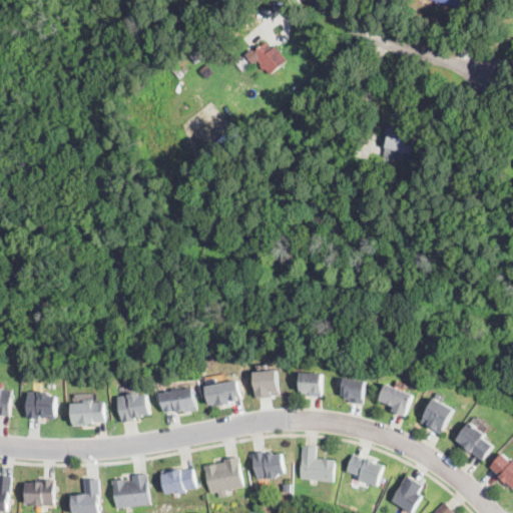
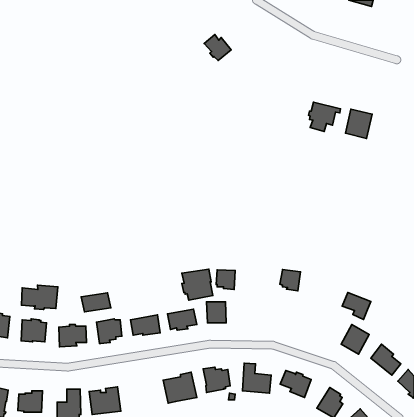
building: none -> [346,109,372,138]
building: none -> [182,269,213,300]
building: none -> [21,285,58,310]
building: none -> [81,293,111,312]
building: [299,374,322,398] -> [216,270,235,289]
building: [340,379,365,405] -> [280,270,300,291]
building: [378,385,413,418] -> [342,292,371,319]
building: [158,470,194,495] -> none

